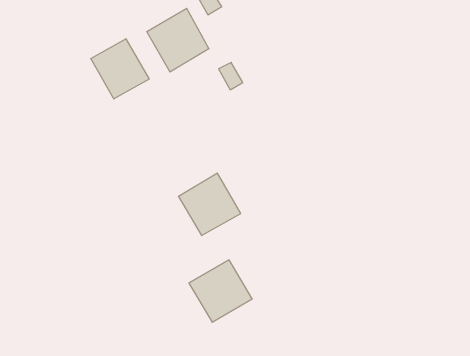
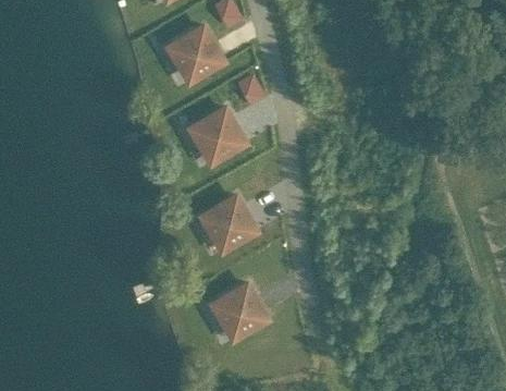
building: [91,39,149,99] -> none
building: none -> [185,102,250,168]

